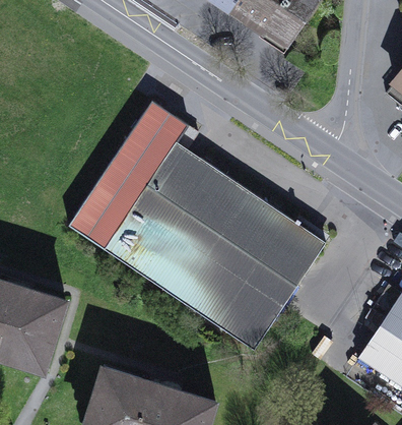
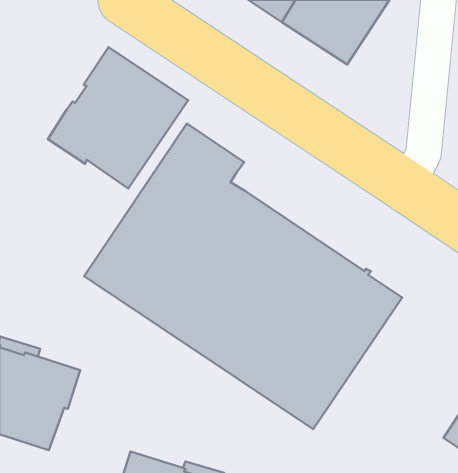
building: none -> [48,47,188,188]

